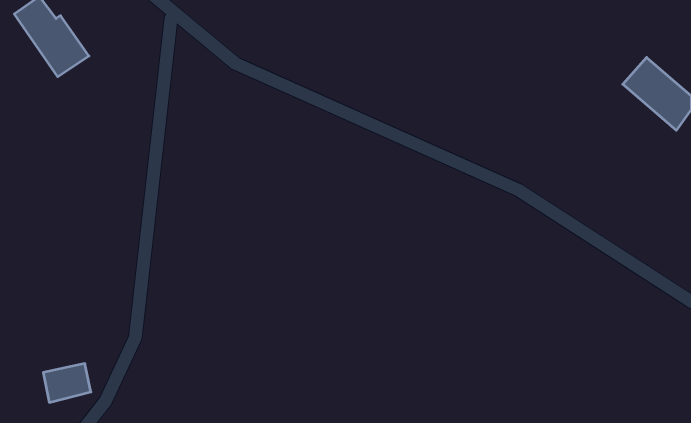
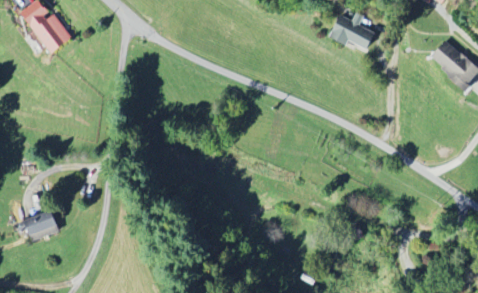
building: none -> [329,11,374,49]
building: [43,364,91,402] -> [27,211,59,237]

